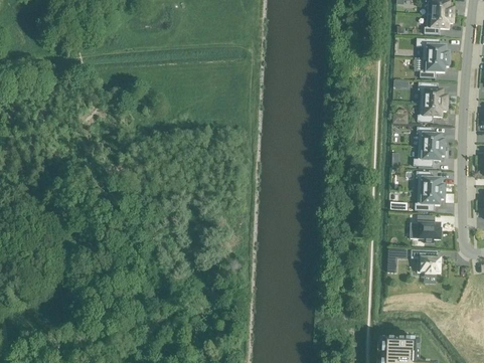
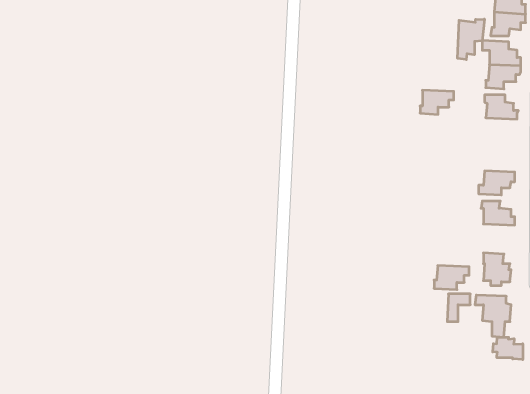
building: none -> [458,19,484,60]
building: [418,101,446,121] -> [420,90,454,114]
building: [417,126,445,146] -> none
building: [415,189,444,209] -> [434,266,469,290]
building: none -> [493,337,523,360]

